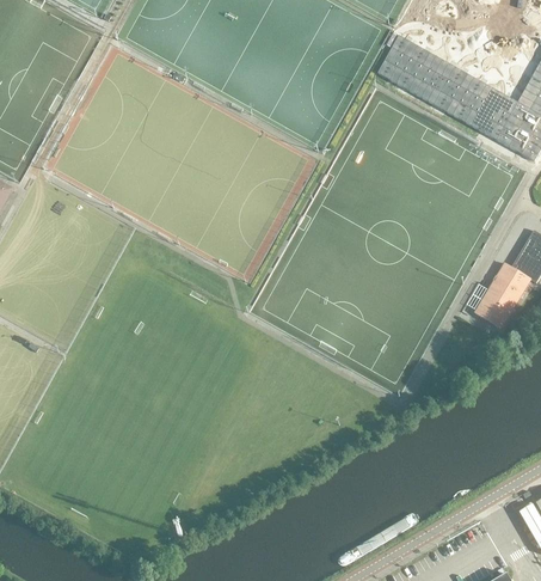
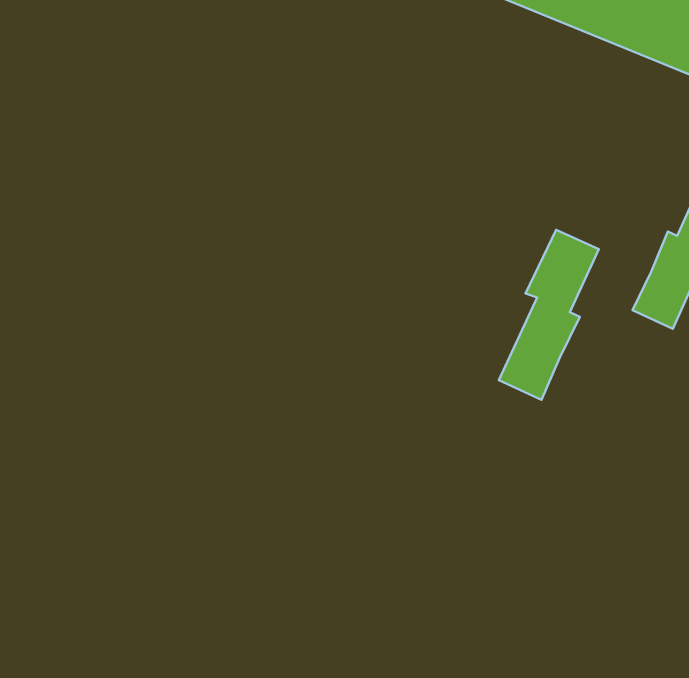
building: none -> [499,230,599,400]

